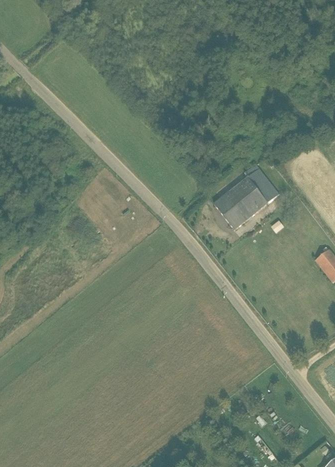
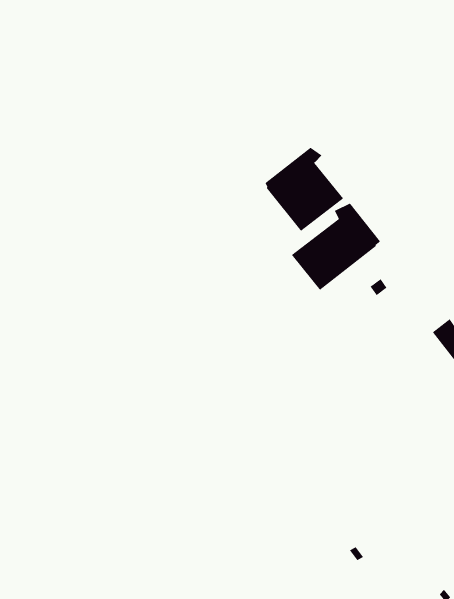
building: none -> [264,147,344,232]

